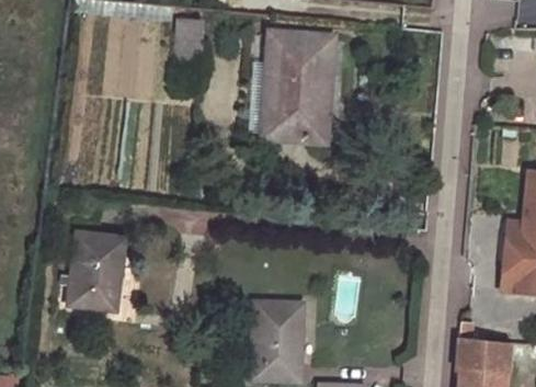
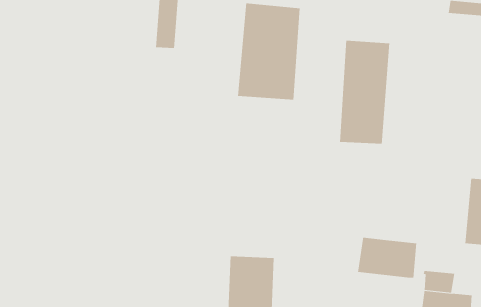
building: none -> [339,40,390,144]
building: [68,235,125,312] -> none
building: none -> [358,237,417,278]

